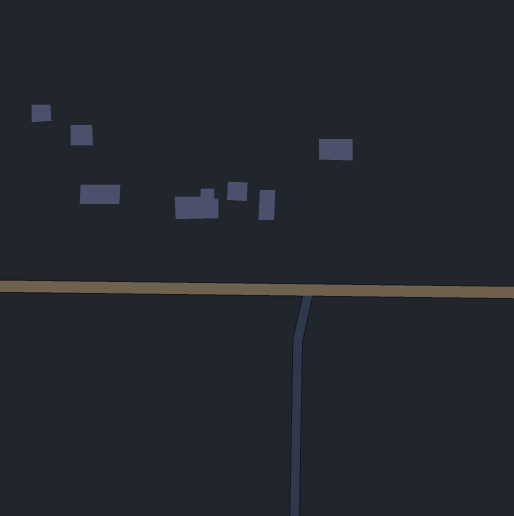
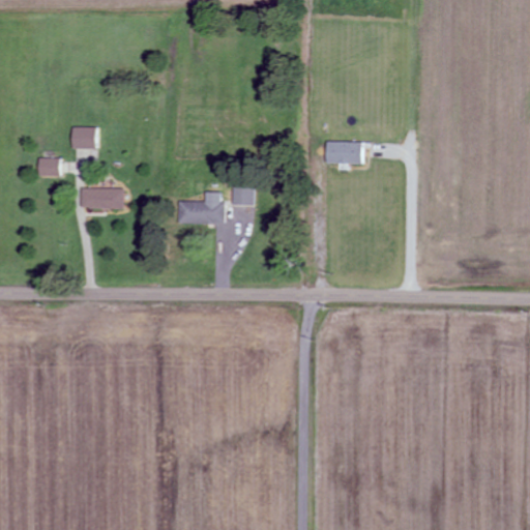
building: [31,104,52,122] -> [38,158,60,177]
building: [258,189,276,221] -> none

